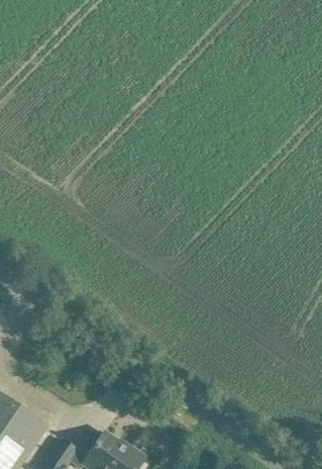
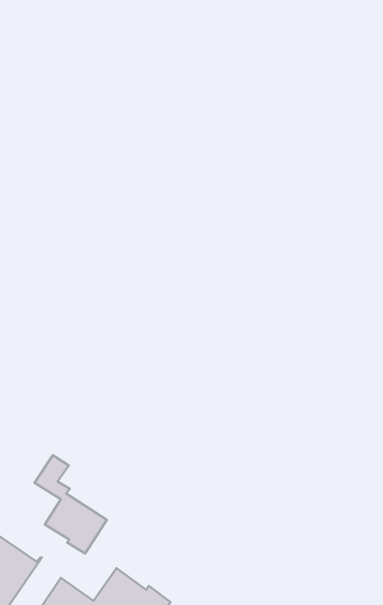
building: none -> [35,455,107,553]

